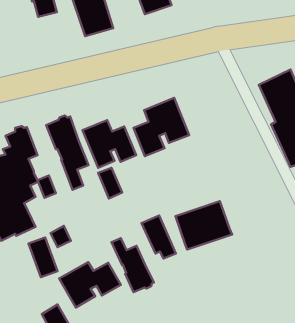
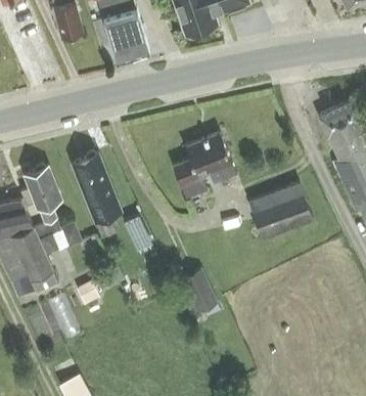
building: [82,120,136,168] -> none
building: [176,201,232,250] -> [247,183,313,239]
building: [111,238,154,292] -> none
building: [59,262,121,308] -> none

